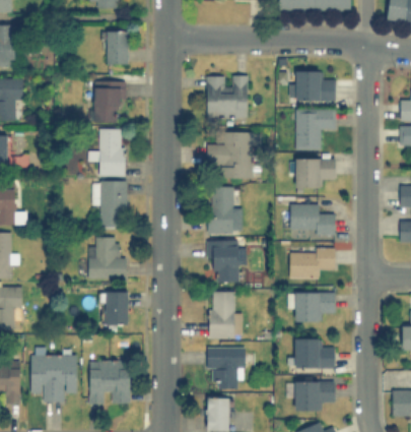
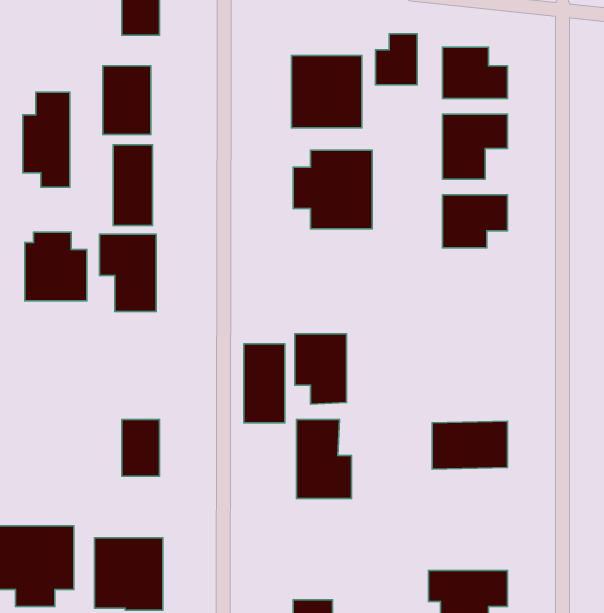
building: none -> [376,34,417,85]
building: none -> [23,92,70,187]
building: [209,187,233,234] -> [244,344,285,423]
building: [290,205,335,235] -> none
building: [88,238,125,279] -> [25,232,87,301]
building: [289,249,335,279] -> none
building: [295,340,334,368] -> none
building: [207,349,254,389] -> none

